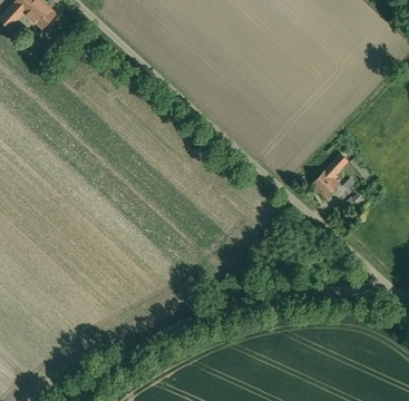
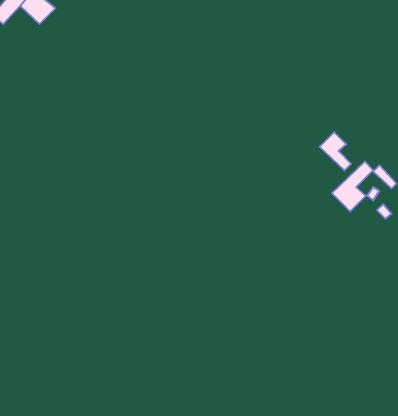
building: none -> [320,132,351,171]

